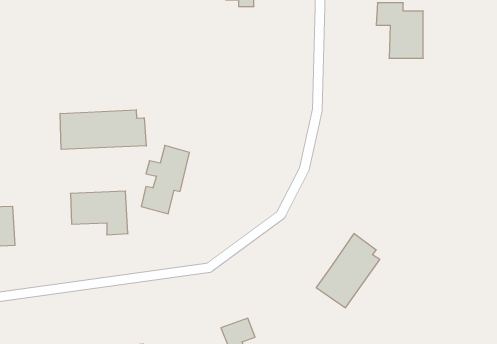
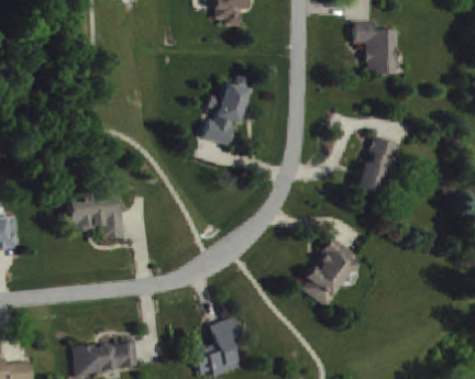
building: [60,110,146,149] -> none
building: none -> [357,136,397,196]
building: [141,145,189,214] -> [203,81,248,145]

